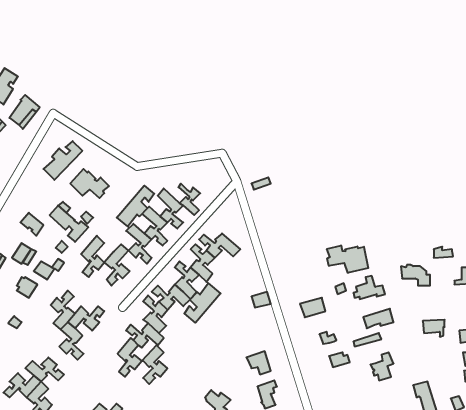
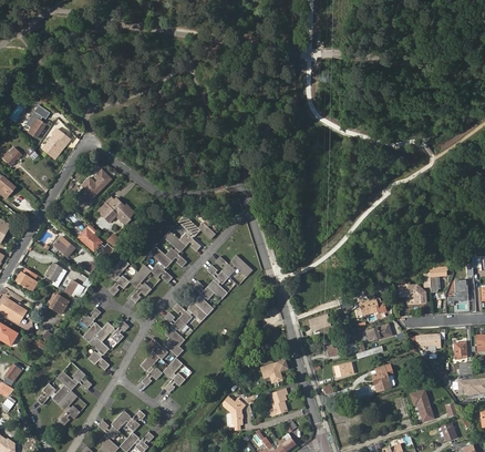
building: [117,186,154,227] -> none
building: [327,245,368,273] -> none
building: [184,283,221,323] -> none

